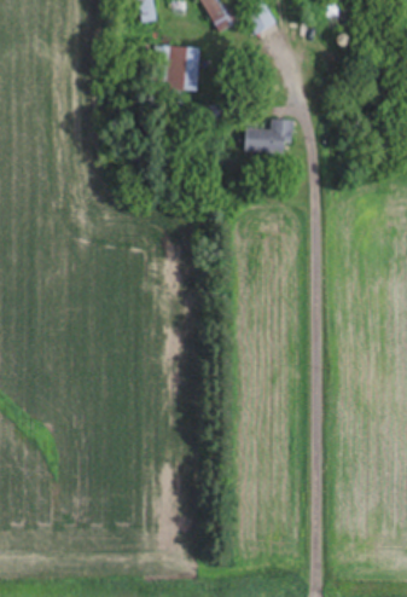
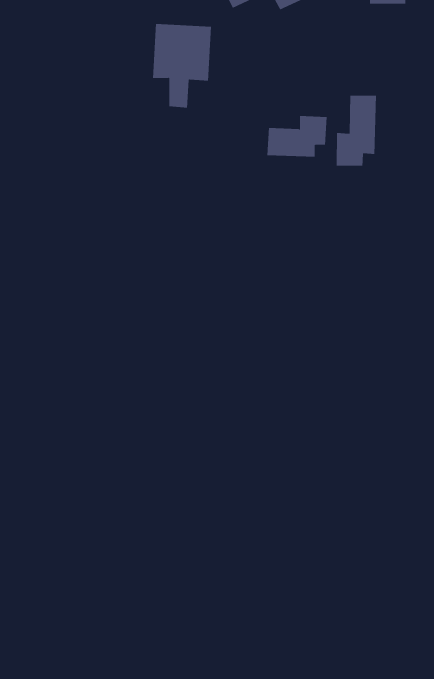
building: none -> [336,95,377,167]

